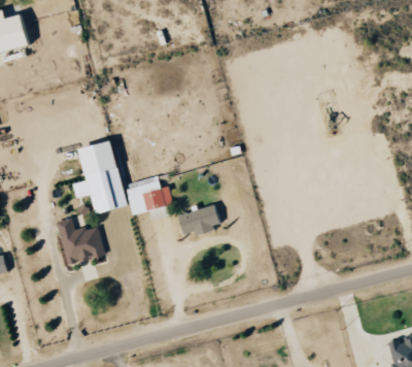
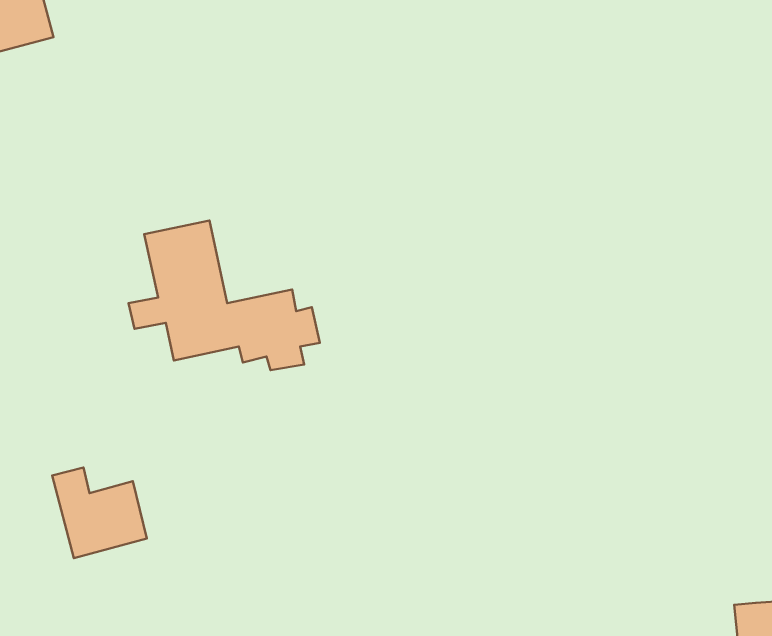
building: [179,206,220,236] -> none
building: [54,219,103,266] -> [52,467,147,558]

